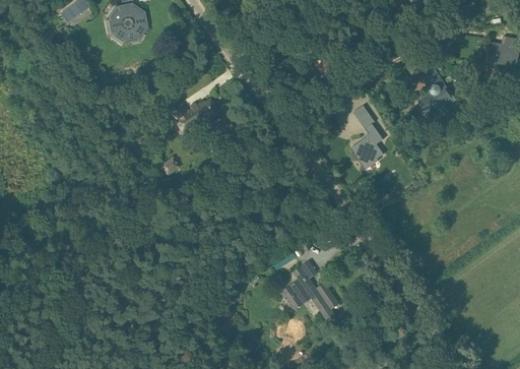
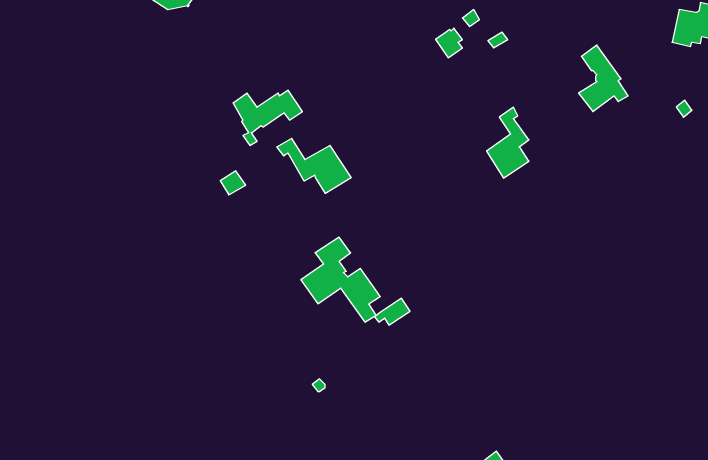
building: none -> [277,138,351,193]
building: [283,261,340,322] -> [301,237,380,322]

